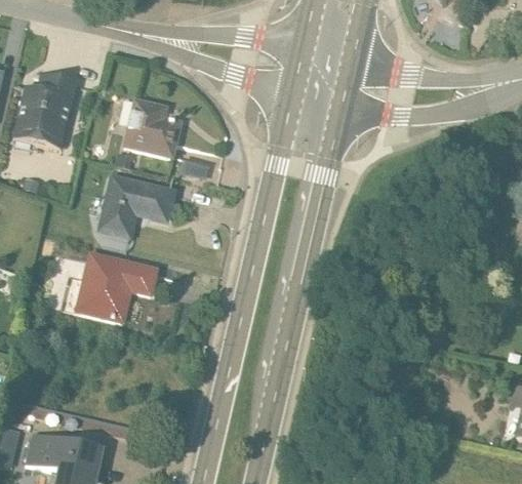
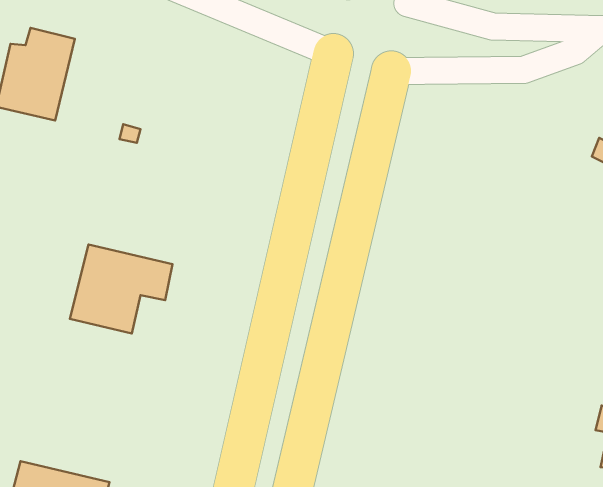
building: [125,100,180,156] -> none
building: [96,175,174,239] -> none

